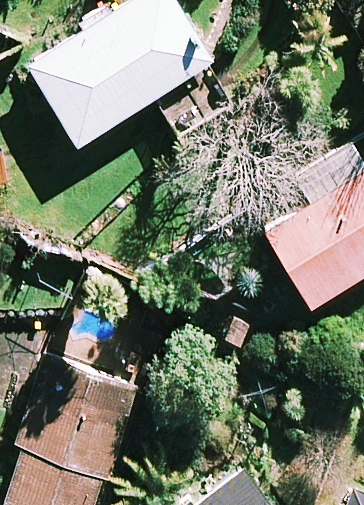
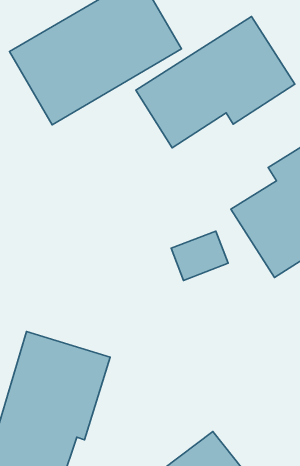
building: none -> [136,17,295,148]

